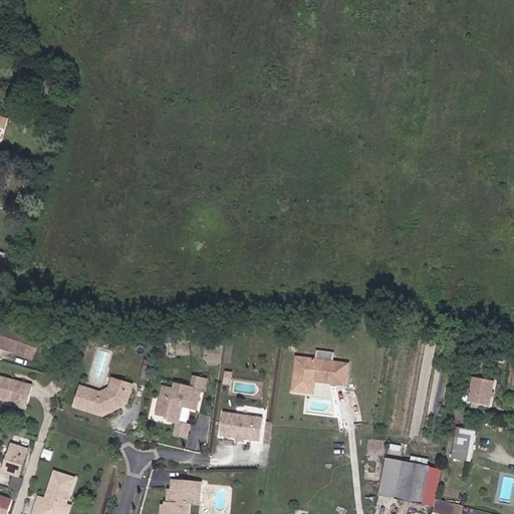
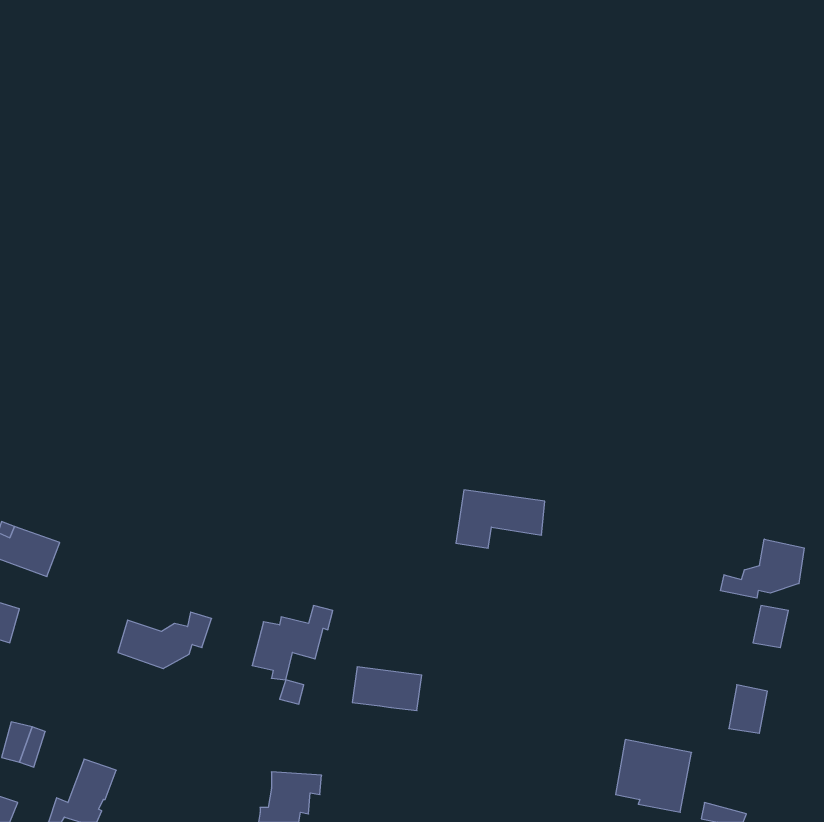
building: none -> [721,539,804,598]
building: [291,357,346,394] -> [456,490,545,548]
building: [6,378,29,402] -> none

